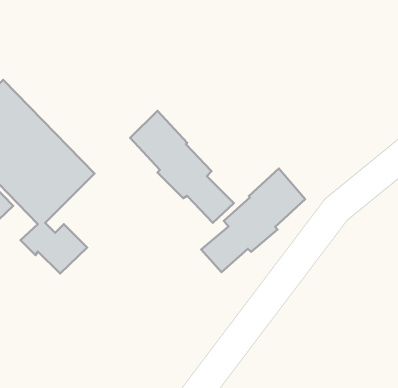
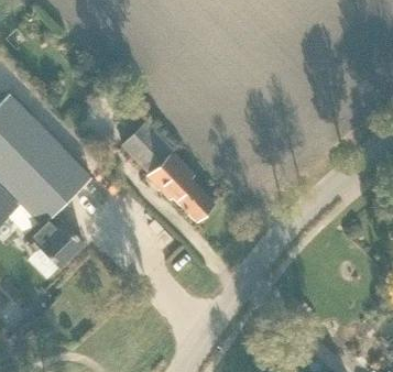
building: [201,168,305,272] -> none

